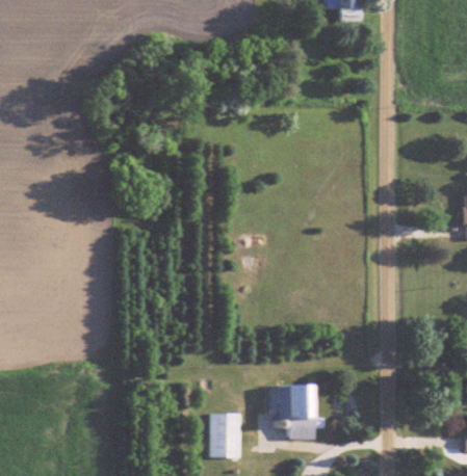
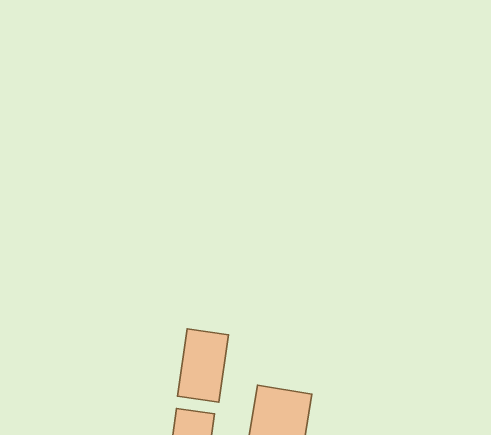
building: none -> [178,329,229,402]

